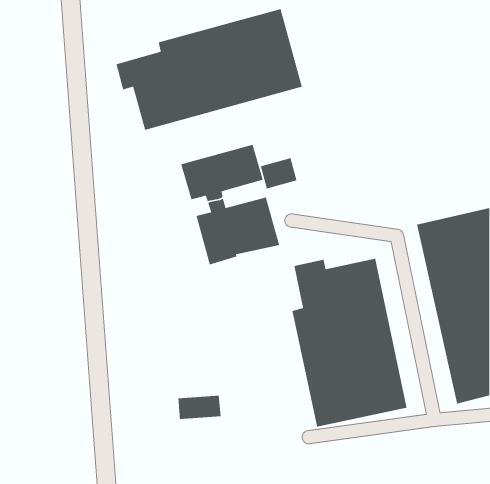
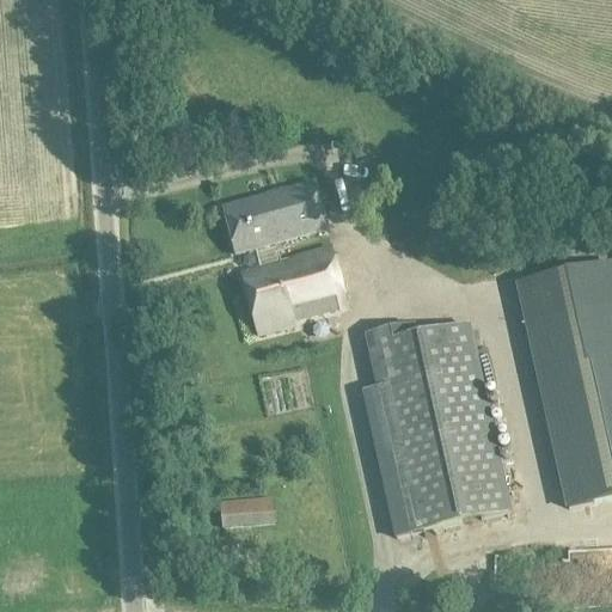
building: [115,8,303,131] -> none
building: [260,157,297,190] -> none

